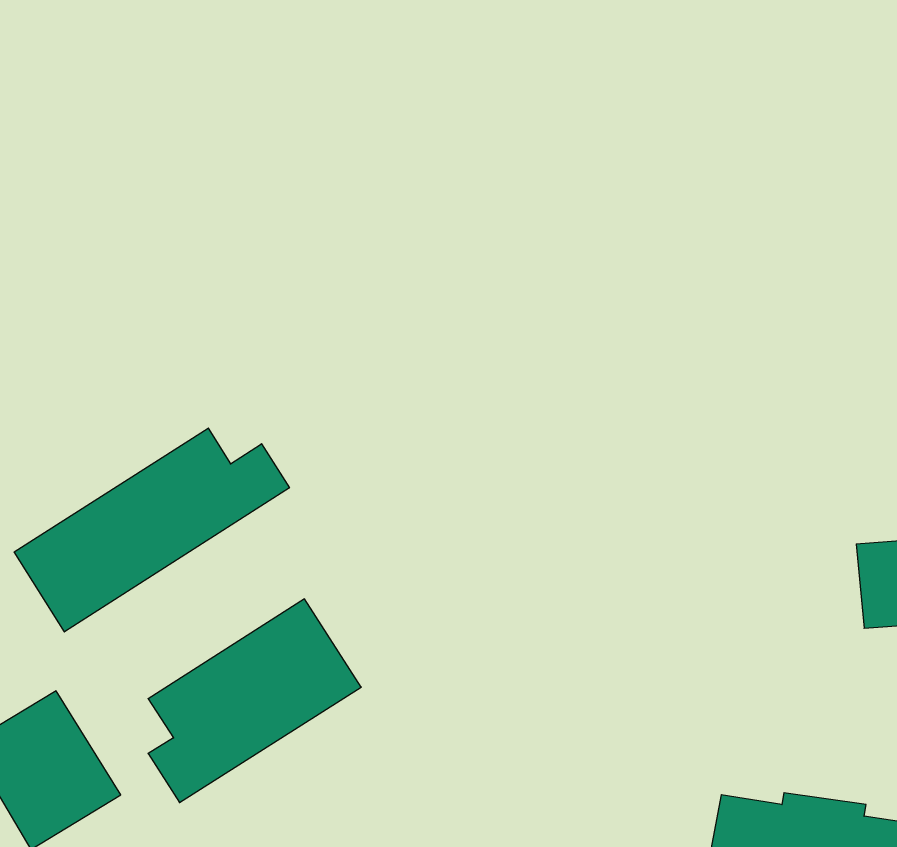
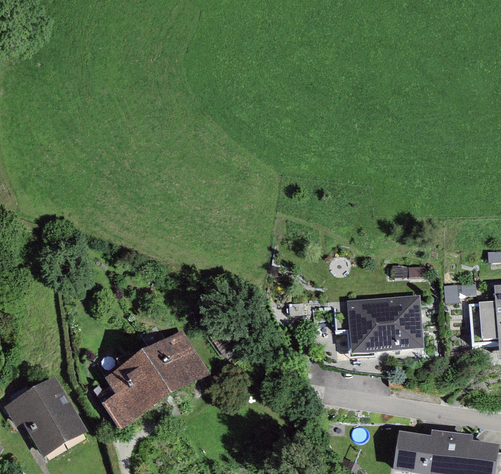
building: [14,428,289,632] -> none
building: none -> [345,293,421,353]

